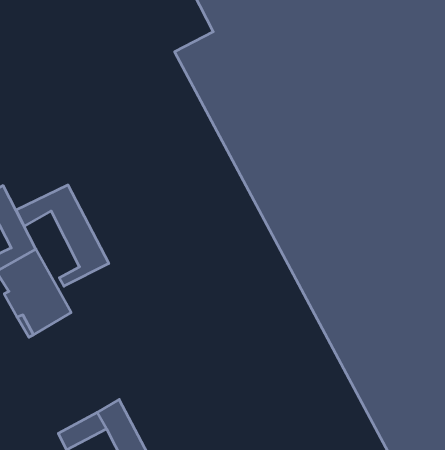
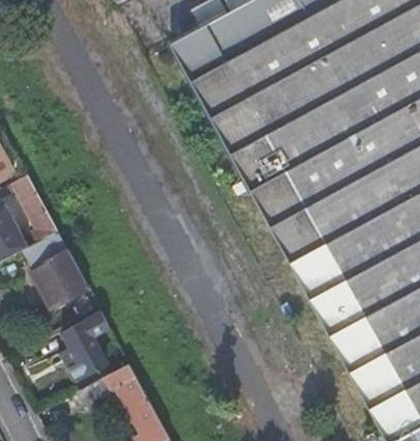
building: [16,185,109,286] -> none
building: none -> [60,309,109,375]

